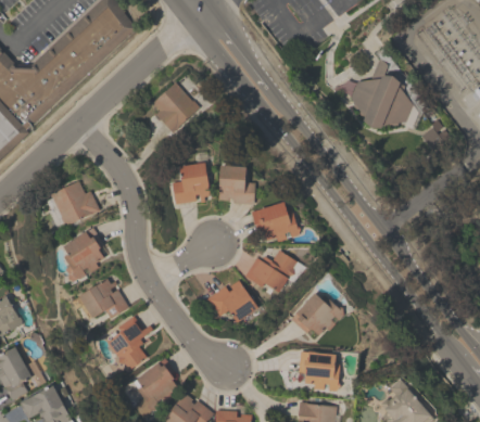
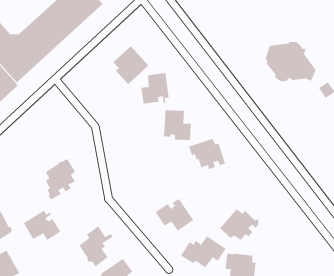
building: [172,163,210,204] -> [140,73,170,104]
building: [51,181,100,228] -> none
building: [244,251,305,293] -> [180,236,227,268]
building: [79,279,129,319] -> [23,210,61,241]

